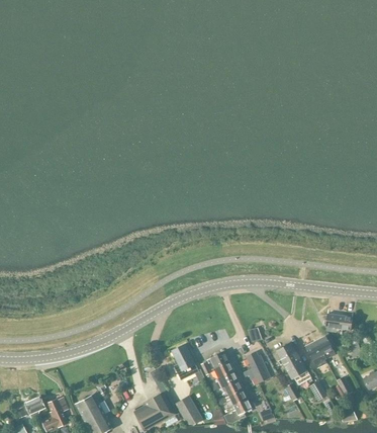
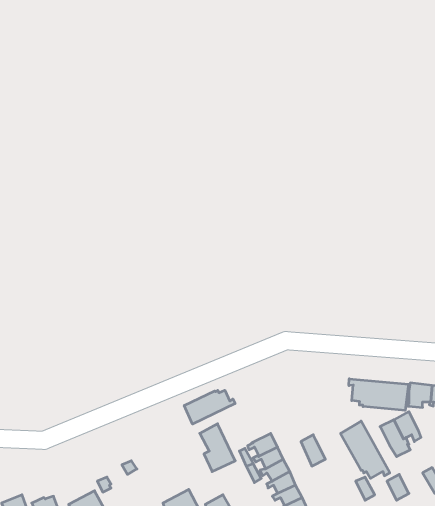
building: none -> [349,379,408,410]
building: none -> [184,390,235,424]

